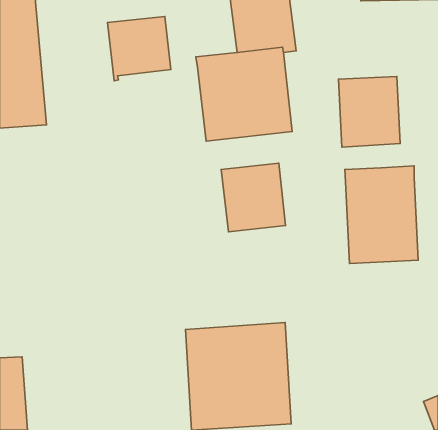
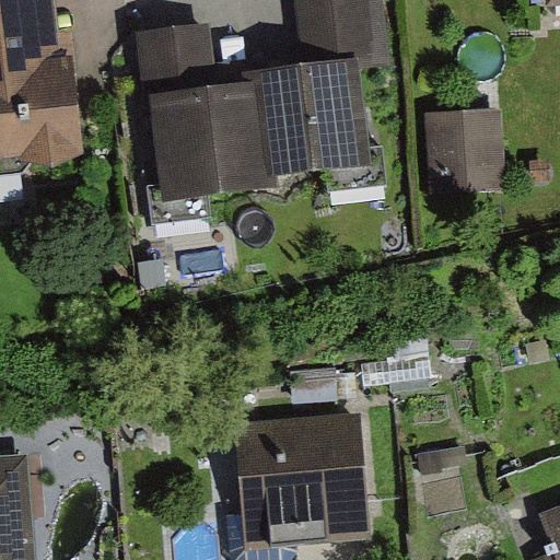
building: none -> [150,85,264,205]
building: [221,163,285,232] -> none
building: [345,166,418,264] -> none

